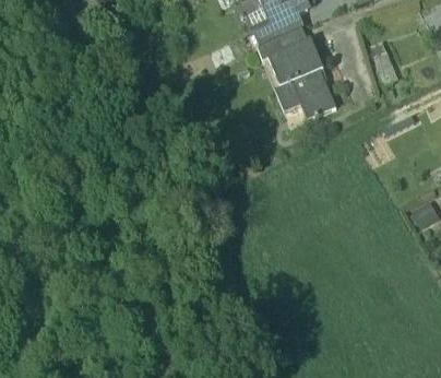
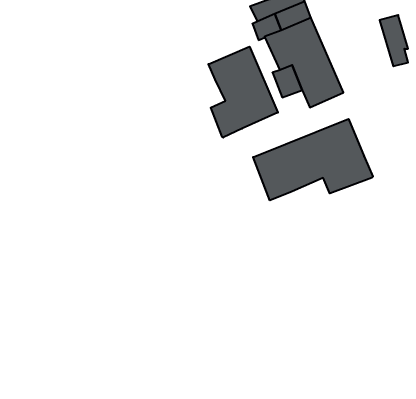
building: none -> [208,47,278,138]
building: none -> [253,119,373,200]

